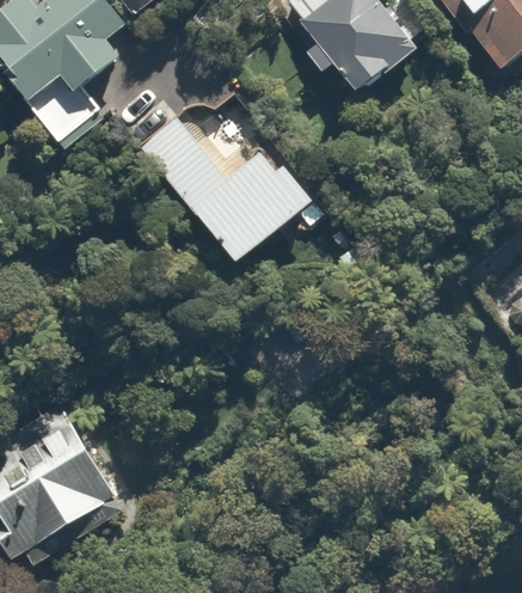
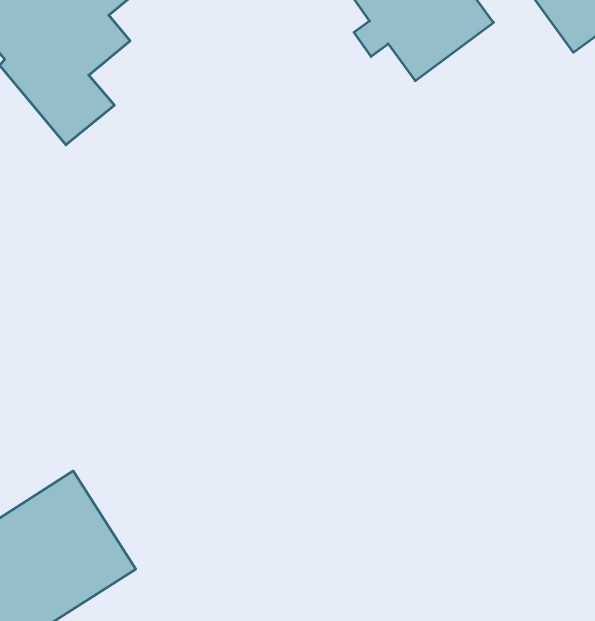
building: [140,114,314,264] -> none

